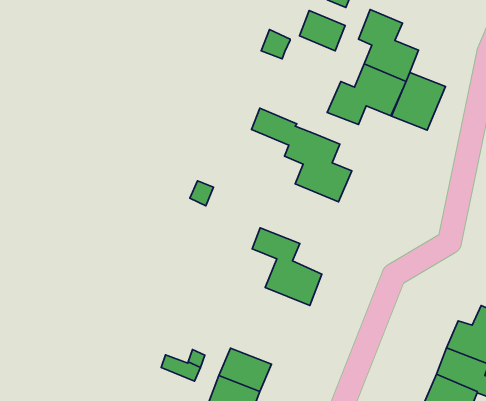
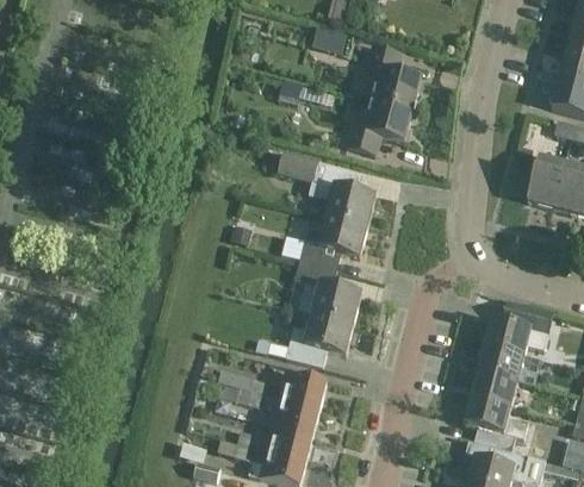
building: [300,11,345,51] -> none
building: [392,72,446,130] -> none
building: none -> [282,216,367,269]
building: none -> [255,313,354,367]

